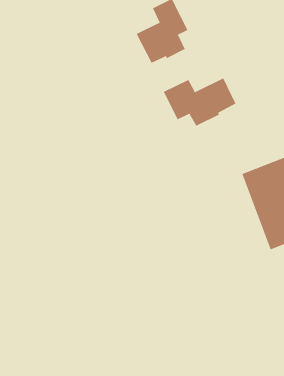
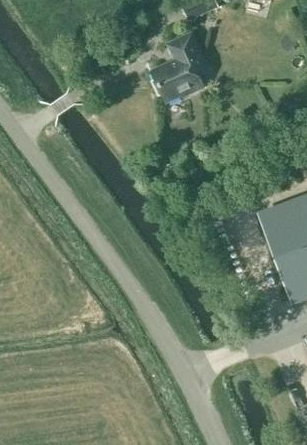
building: [163,77,236,127] -> none

